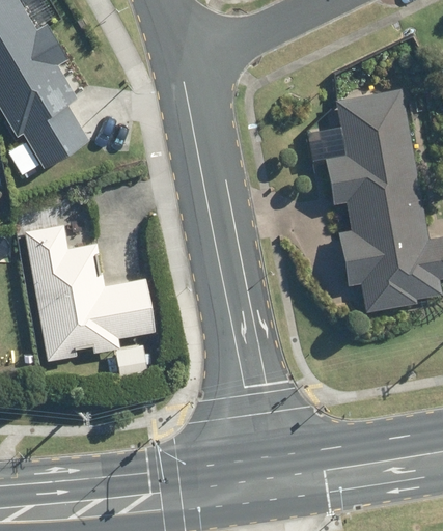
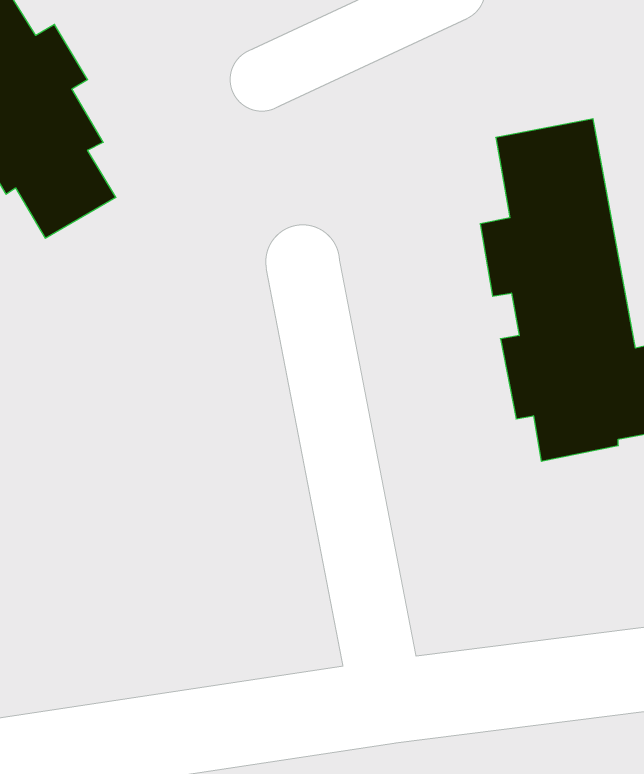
building: [26,222,156,361] -> none

